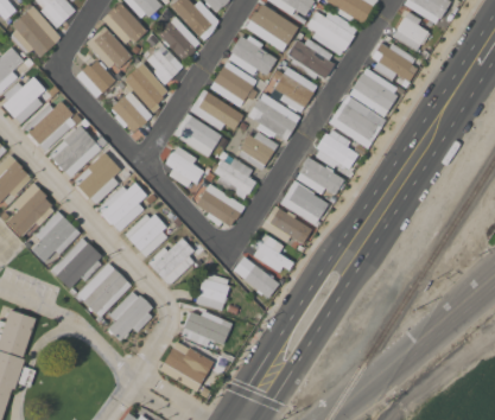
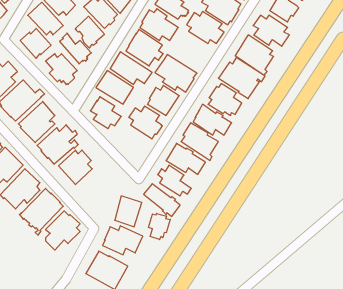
building: [274,66,317,112] -> none
building: [196,183,245,227] -> none
building: [147,237,195,285] -> none
building: none -> [148,213,170,240]

